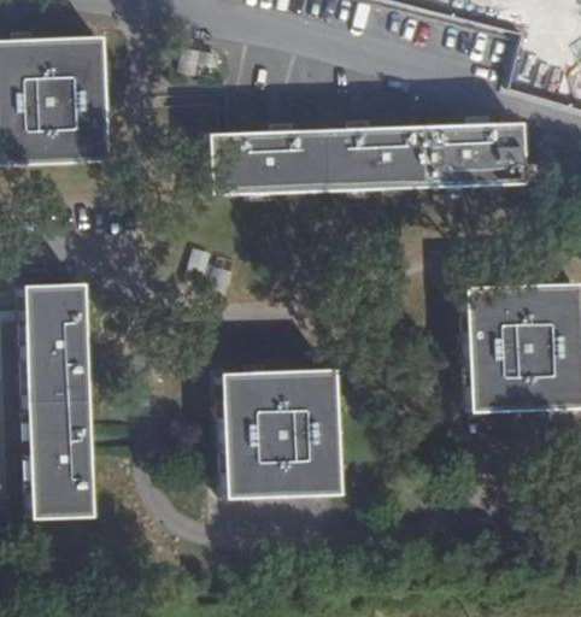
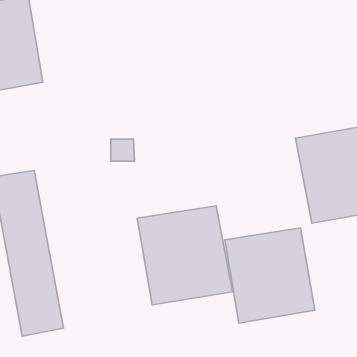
building: [207,121,528,195] -> none
building: none -> [225,228,315,323]

